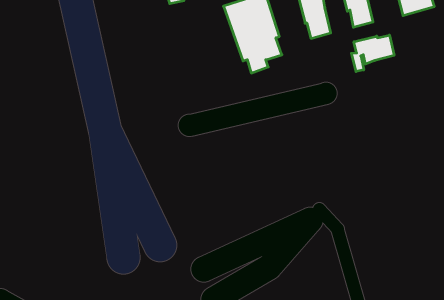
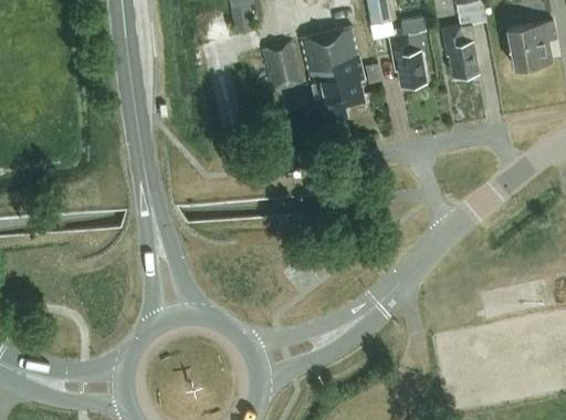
building: none -> [263,42,302,93]
building: [351,35,394,72] -> none

